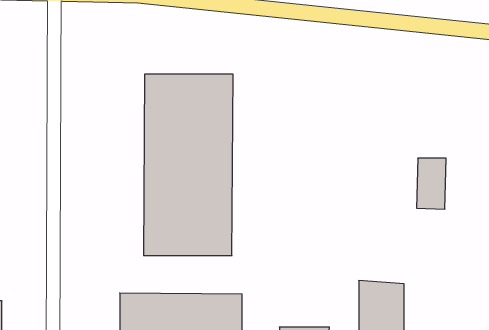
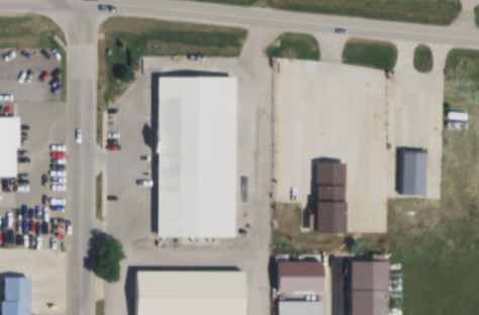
building: none -> [317,163,346,233]
building: none -> [279,262,325,292]

